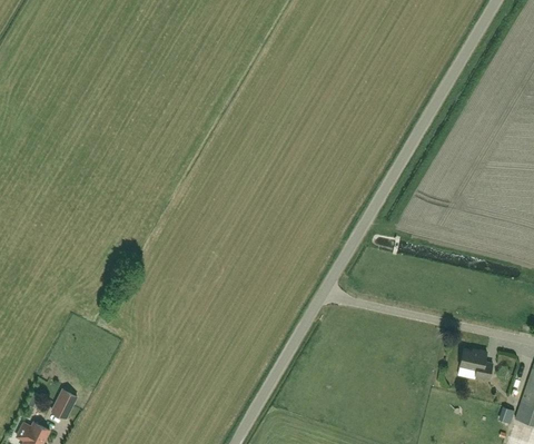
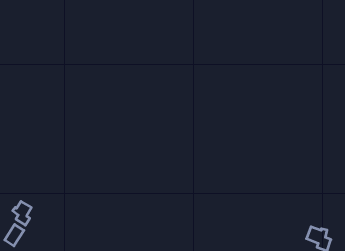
building: none -> [13,201,31,225]

